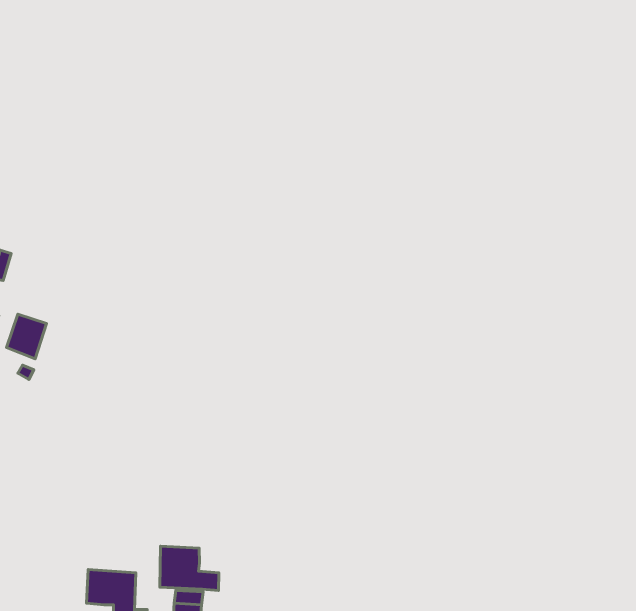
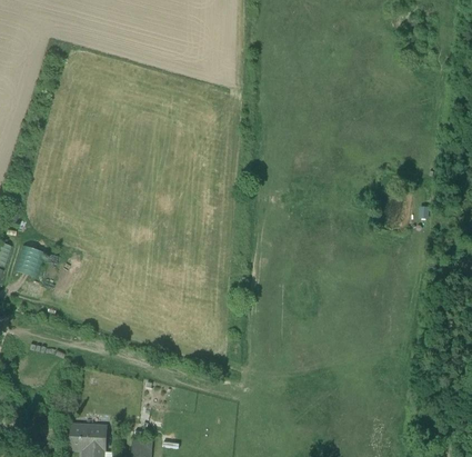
building: [160,546,219,591] -> none

